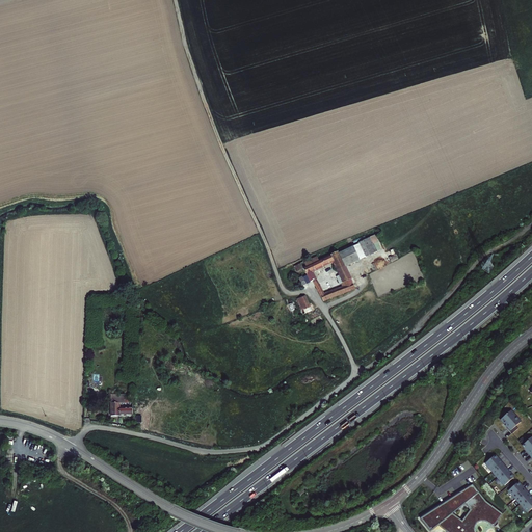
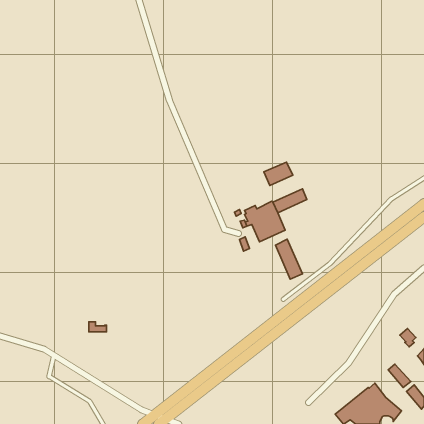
building: none -> [264,162,293,185]
building: none -> [275,239,303,279]

